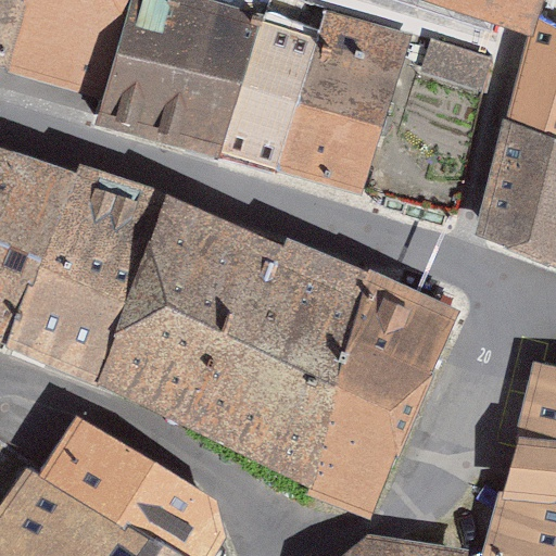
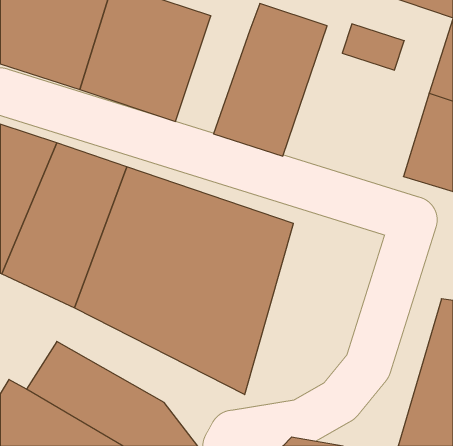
building: [215,20,306,164] -> none
building: [300,274,456,514] -> none

